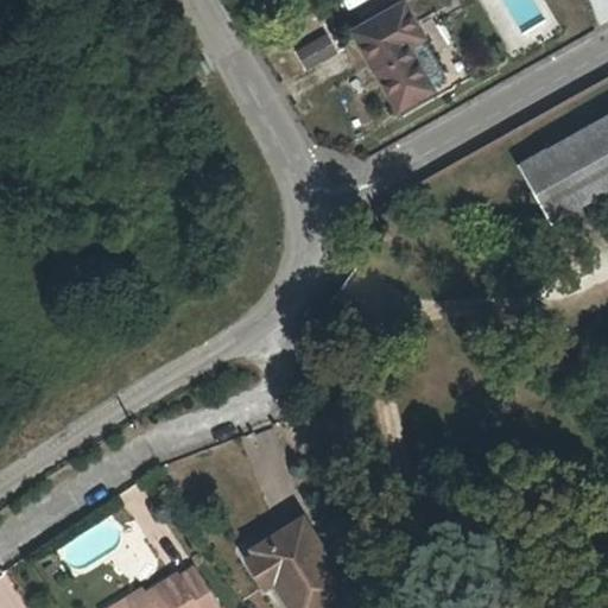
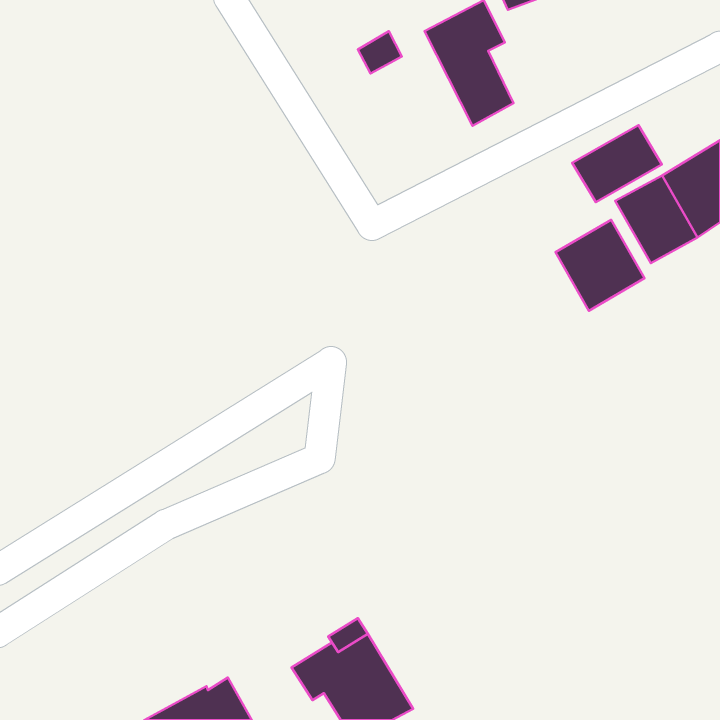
building: none -> [572,125,662,202]
building: none -> [555,220,644,311]

